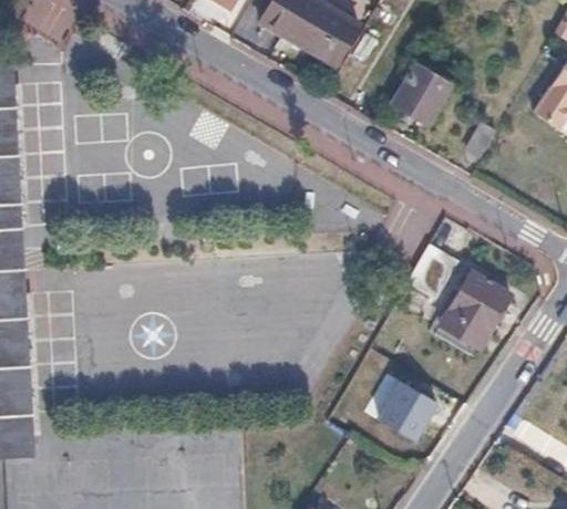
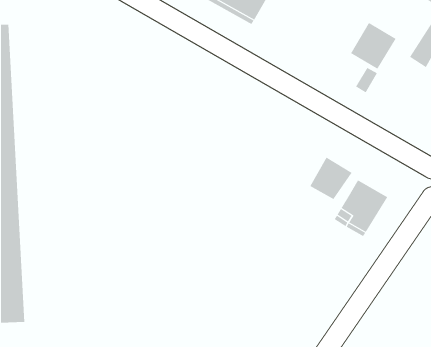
building: [390,62,451,124] -> [350,22,397,69]
building: [379,381,437,439] -> none

